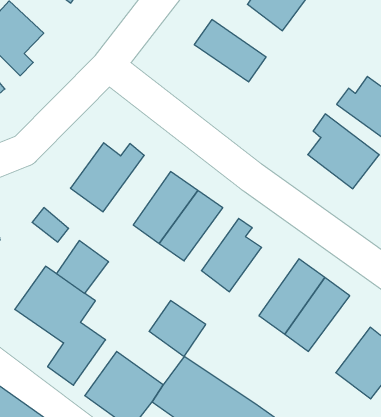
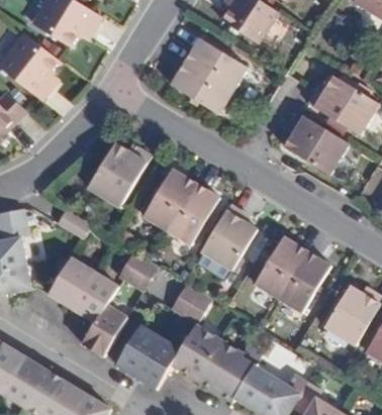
building: none -> [170,62,231,112]
building: [56,241,109,293] -> [116,249,160,294]

